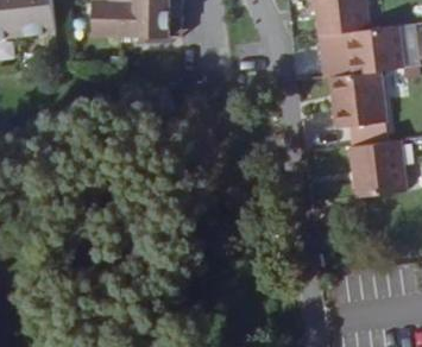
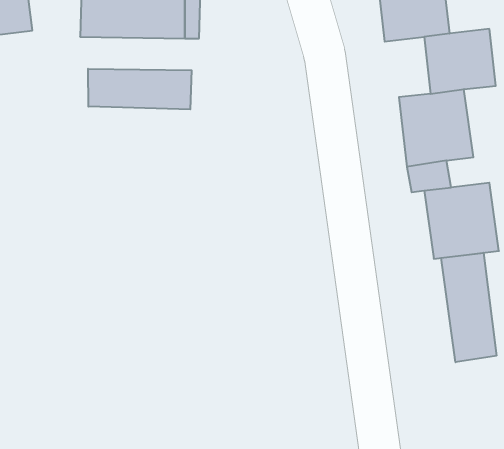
building: none -> [88,69,192,109]
building: none -> [441,253,496,362]

